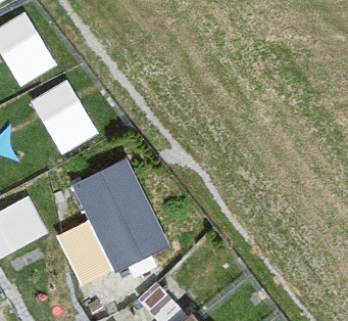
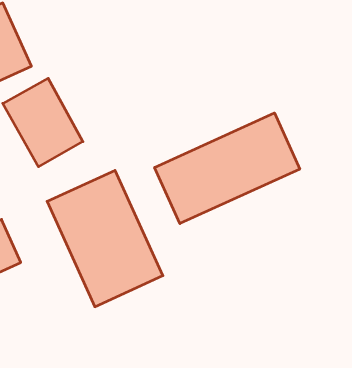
building: none -> [155,113,300,224]

